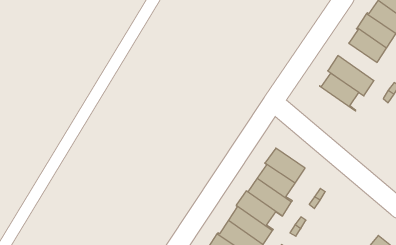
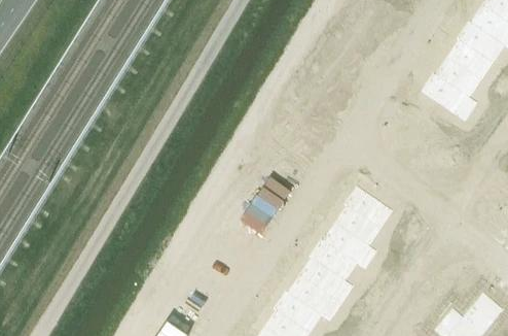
building: [320,73,359,111] -> [434,58,482,104]

